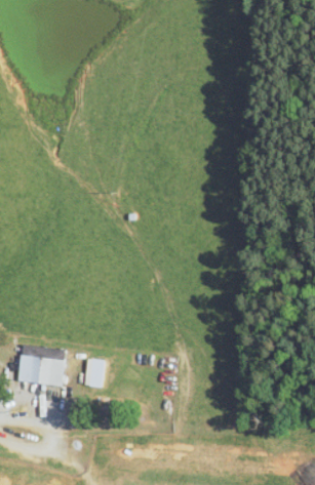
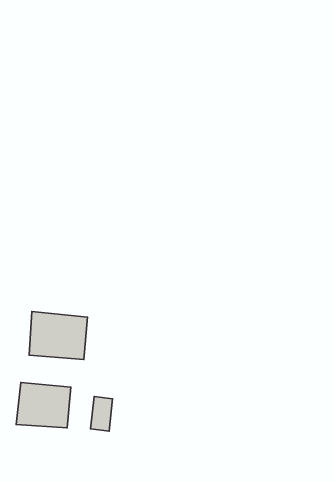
building: none -> [29,312,88,359]

